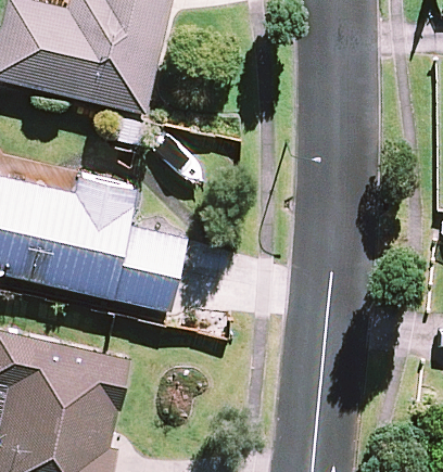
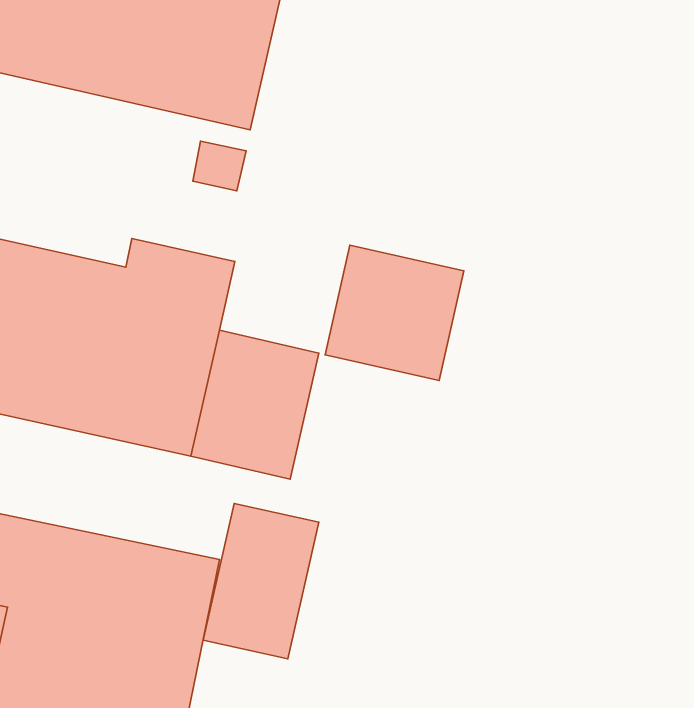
building: none -> [325,245,464,381]
building: none -> [203,503,319,659]

